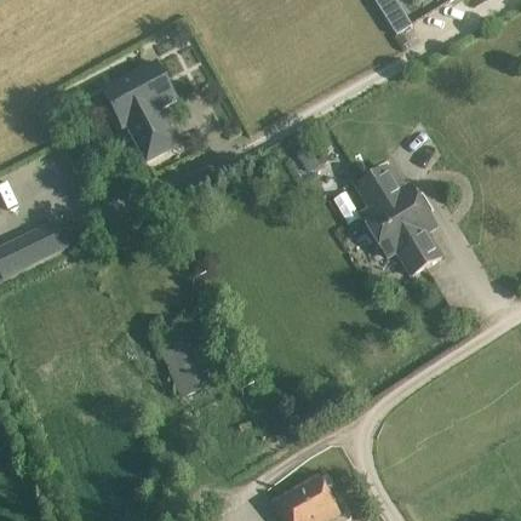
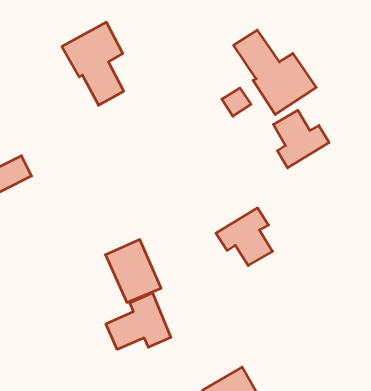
building: none -> [234,30,316,115]
building: [373,206,441,275] -> [216,208,273,266]
building: none -> [106,293,171,349]

